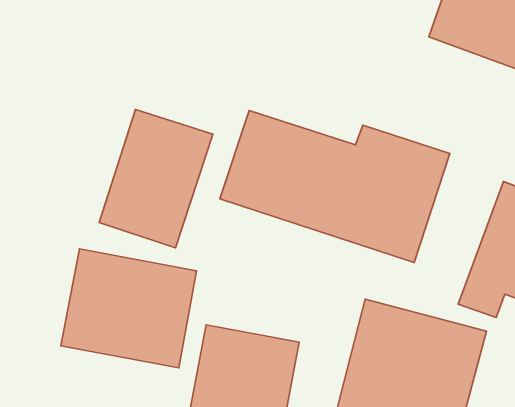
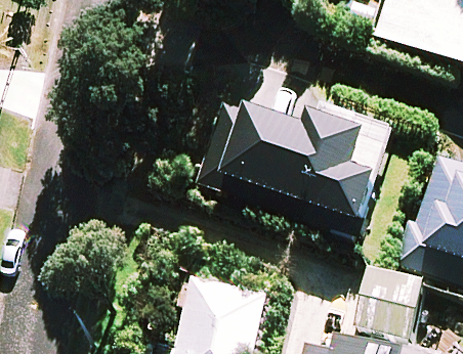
building: [99,110,213,248] -> none
building: [61,249,196,368] -> none

